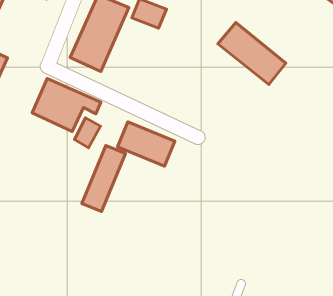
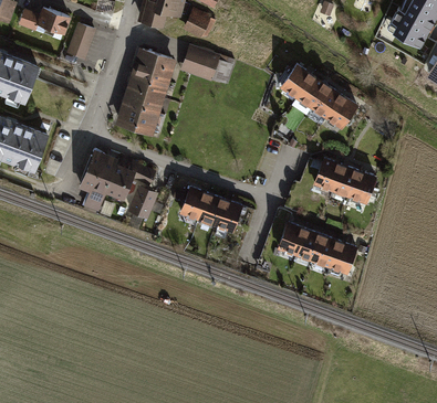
building: none -> [315,157,377,204]
building: [82,146,125,212] -> none
building: none -> [279,221,358,277]

